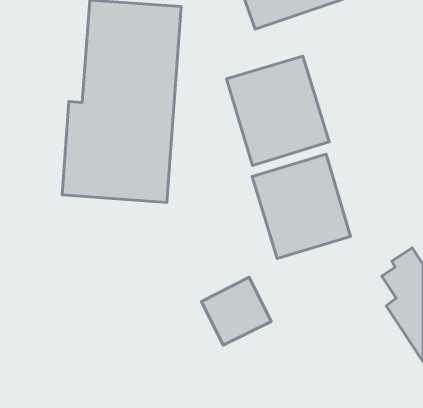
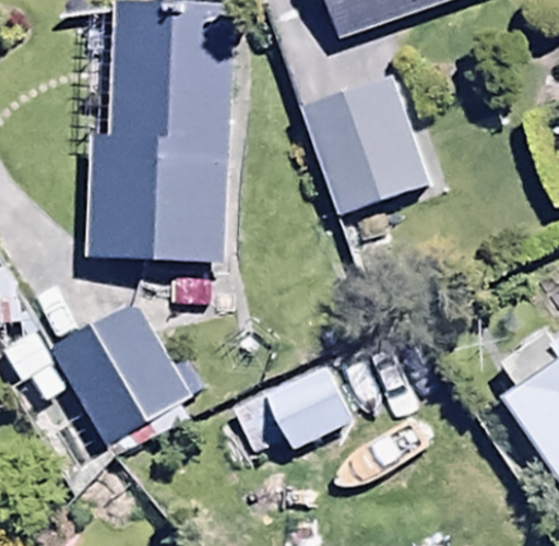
building: [252,154,350,258] -> none
building: none -> [51,299,190,442]

